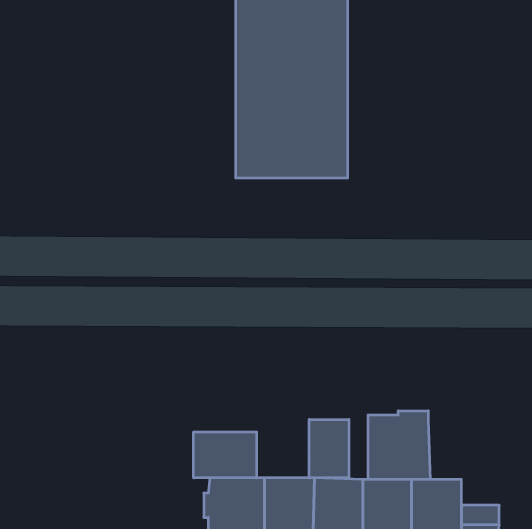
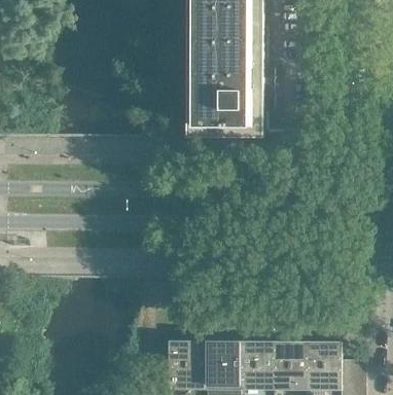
building: [368,411,430,479] -> none
building: [309,419,349,478] -> none
building: [194,432,257,478] -> none

